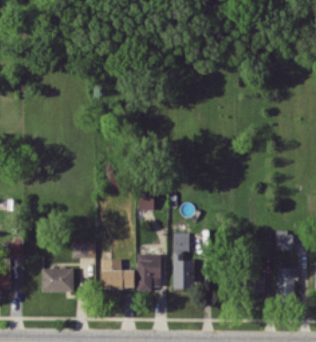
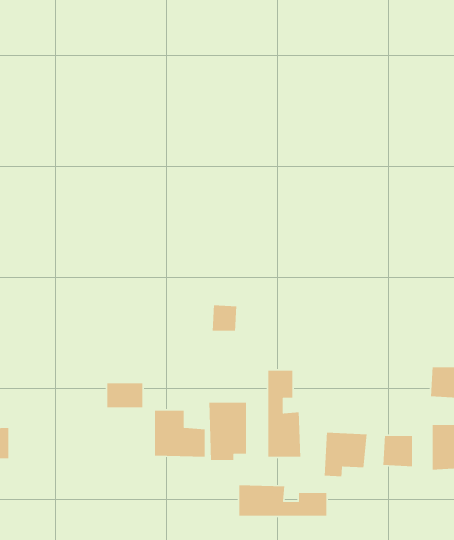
building: [41,268,74,292] -> none
building: none -> [324,432,368,477]
building: none -> [238,484,327,516]

